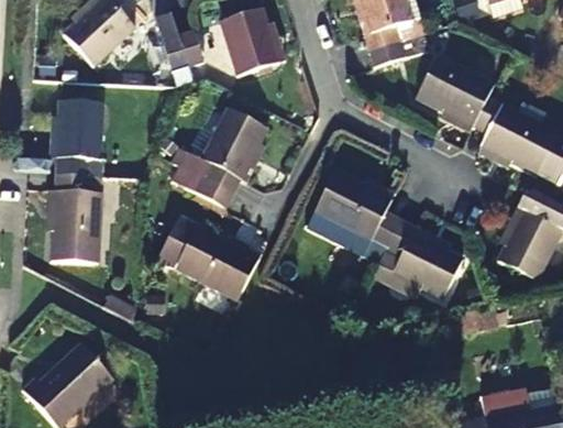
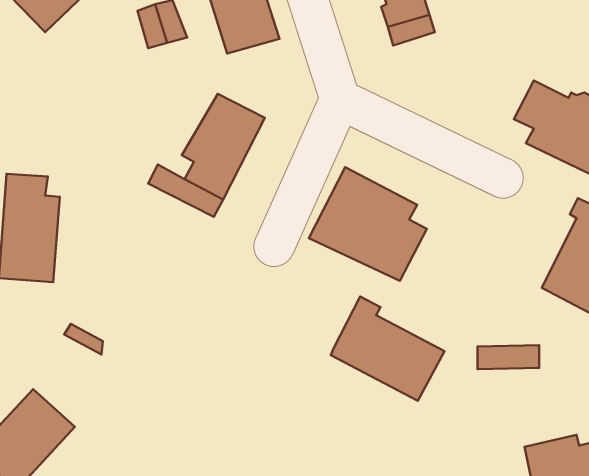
building: [416,55,494,128] -> none
building: [55,87,106,175] -> none
building: [156,215,258,297] -> none
building: [376,218,470,304] -> [331,296,445,401]

